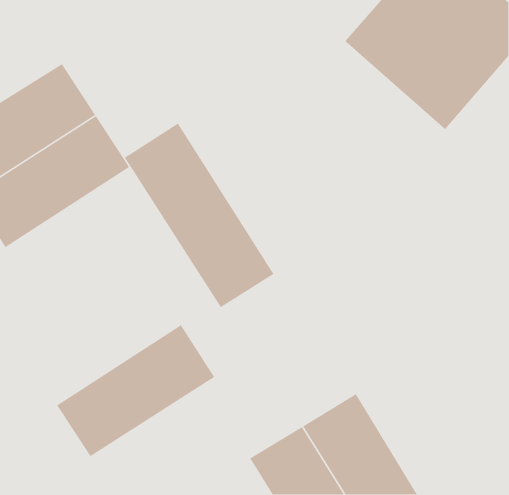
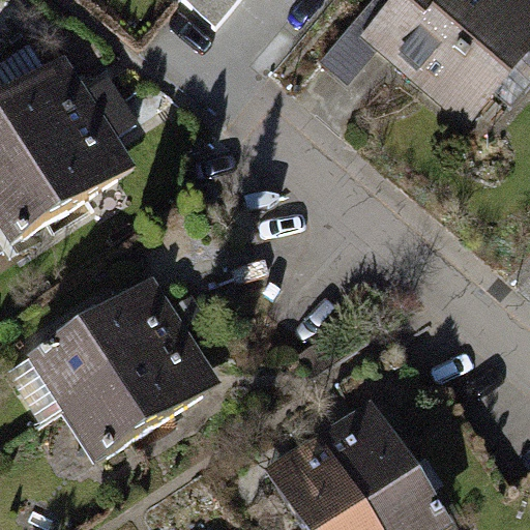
building: [124,123,275,308] -> none
building: none -> [23,282,187,419]

